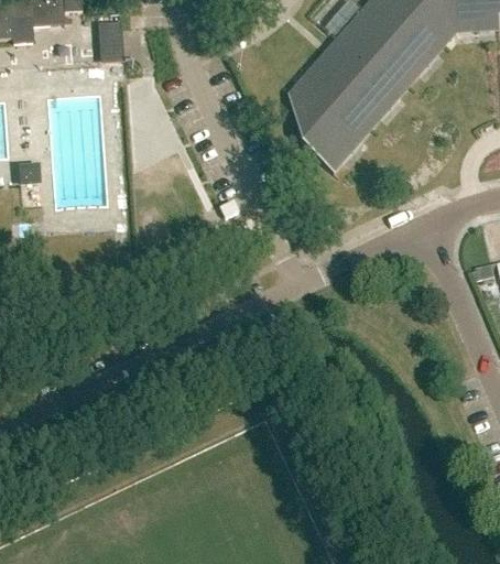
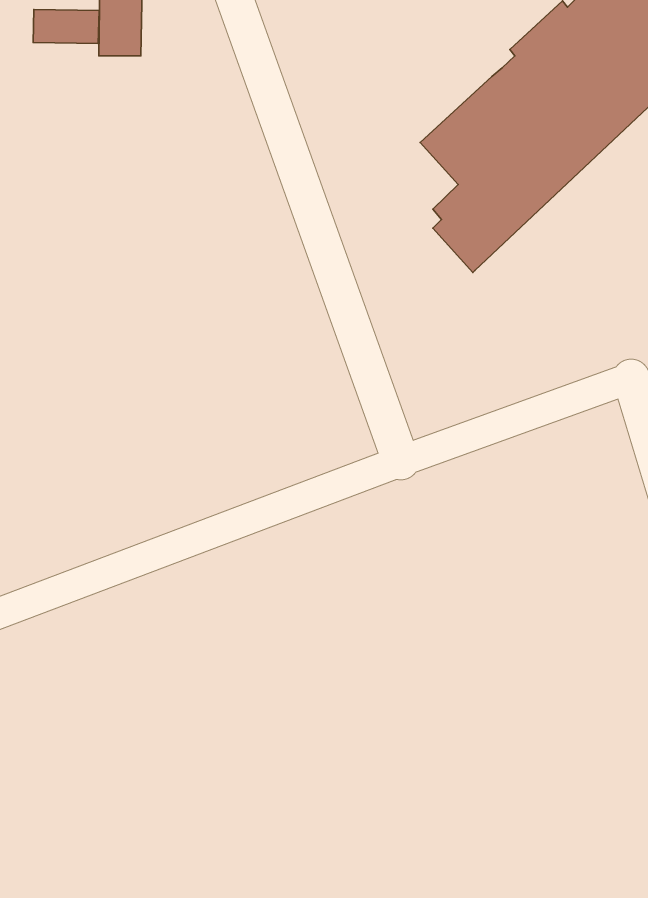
building: none -> [33,10,99,44]

